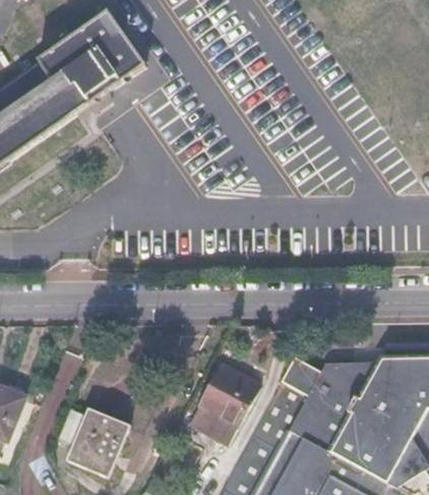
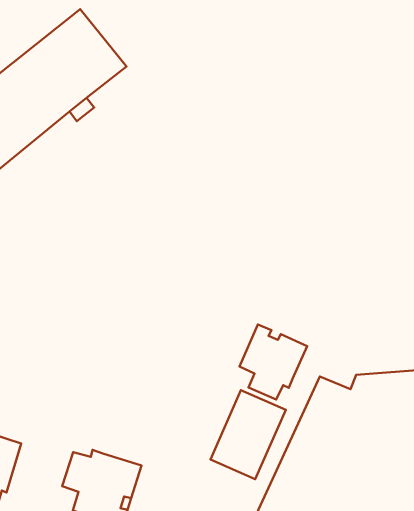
building: none -> [240,325,307,399]

